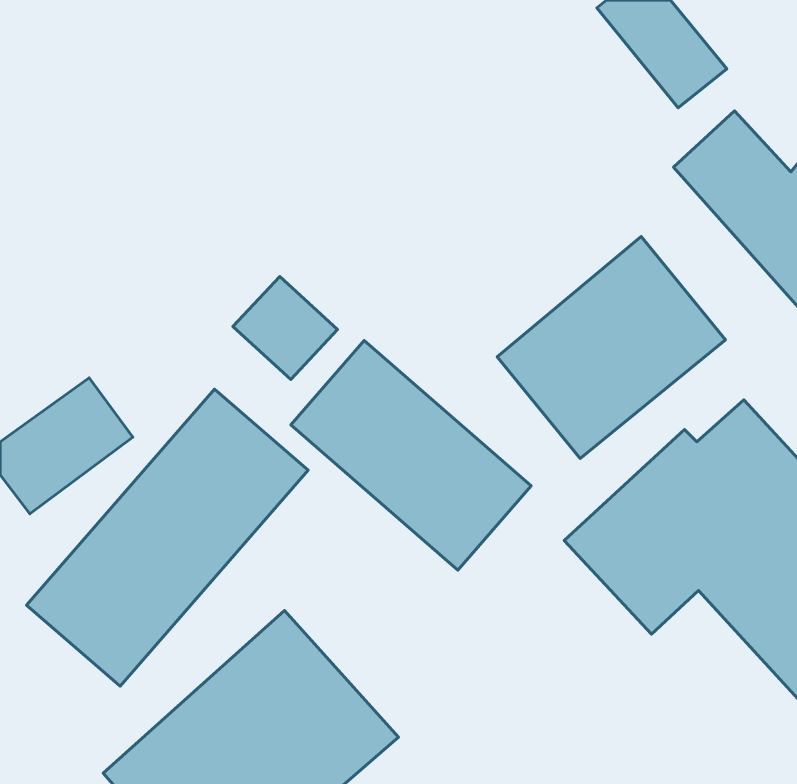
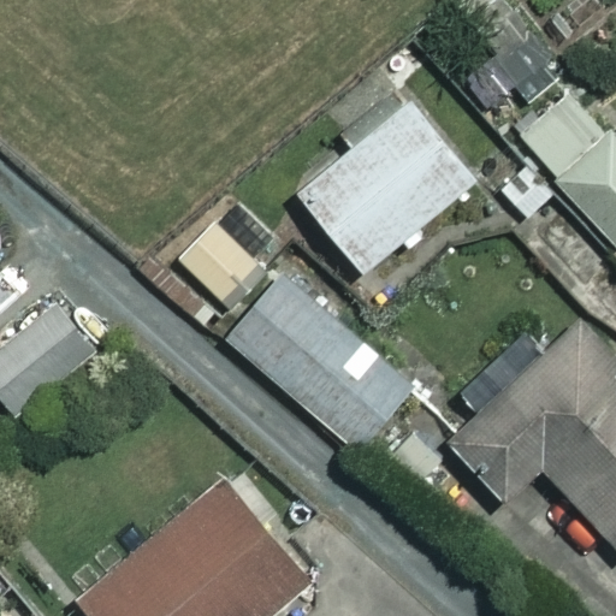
building: [497,237,725,458] -> [298,101,474,272]
building: [27,389,308,686] -> none

